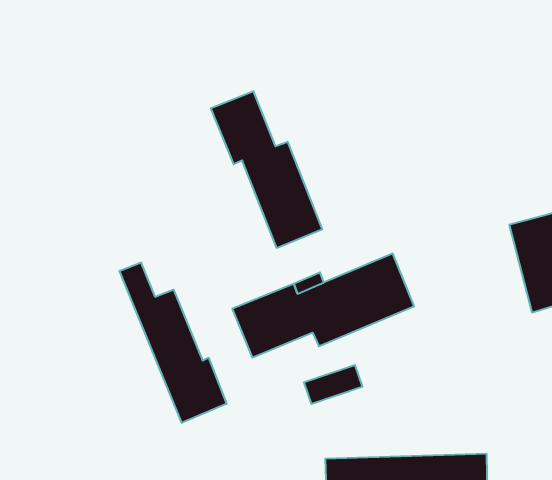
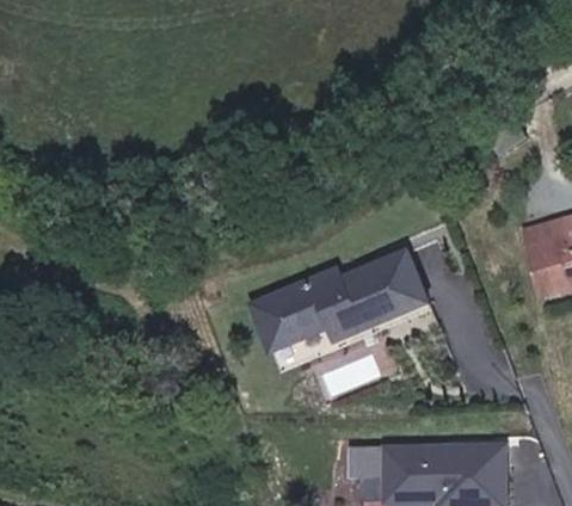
building: [211,91,322,248] -> none
building: [120,262,227,423] -> none

